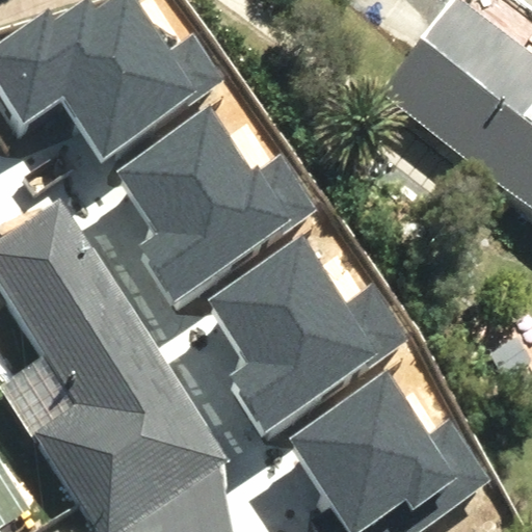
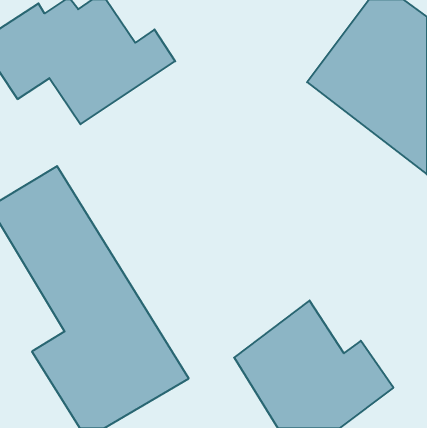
building: [113,108,312,302] -> none
building: [204,236,406,429] -> none

